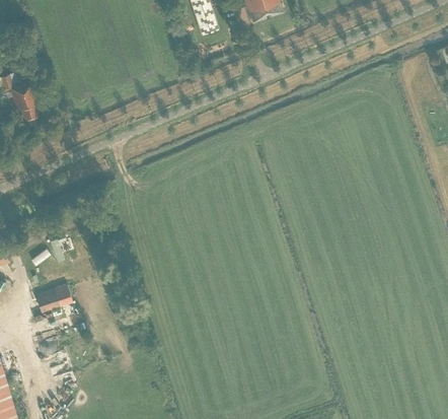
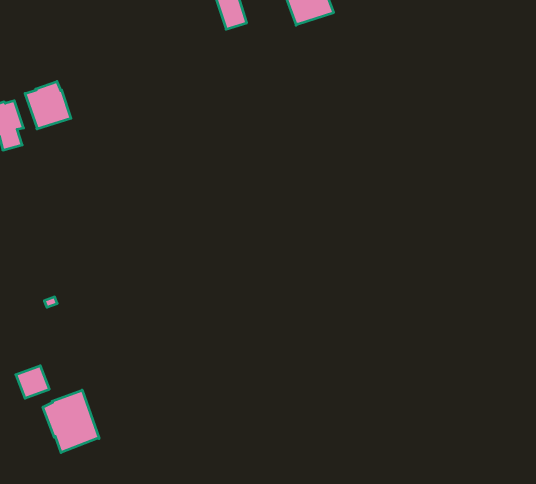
building: none -> [25,81,71,129]
building: none -> [43,390,99,453]

